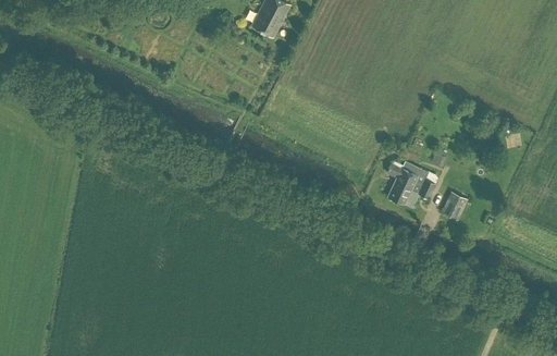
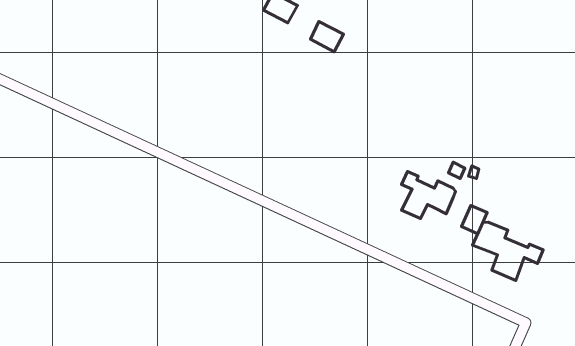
building: [251,11,282,39] -> [311,21,343,52]
building: none -> [473,222,543,281]

